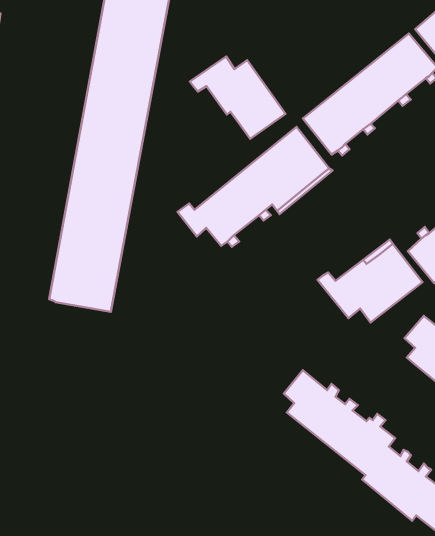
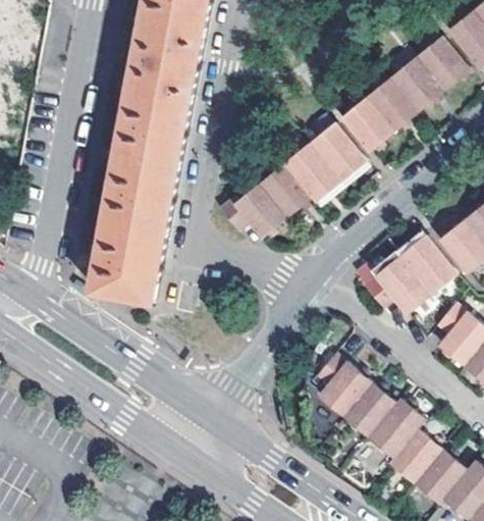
building: [190,57,285,139] -> none

